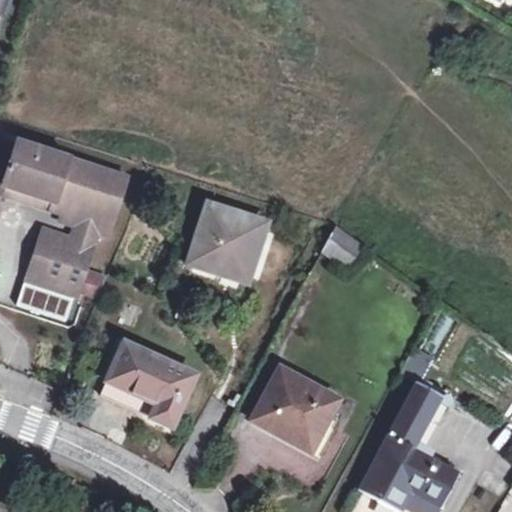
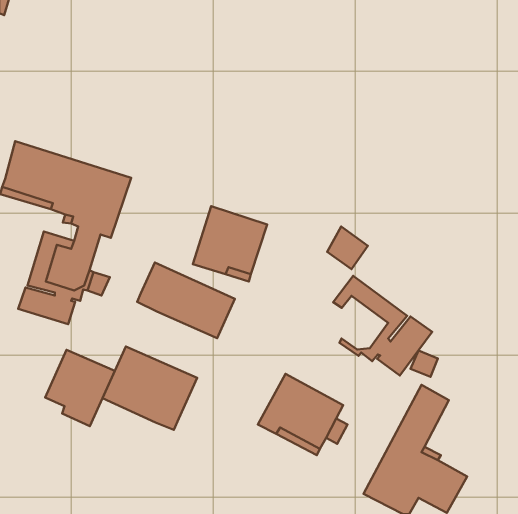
building: none -> [137,262,235,338]
building: none -> [333,276,432,375]
building: none -> [45,350,115,426]

